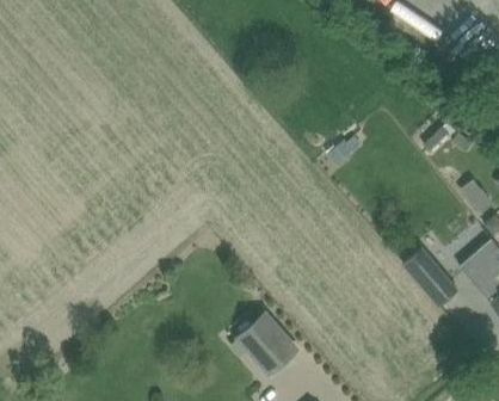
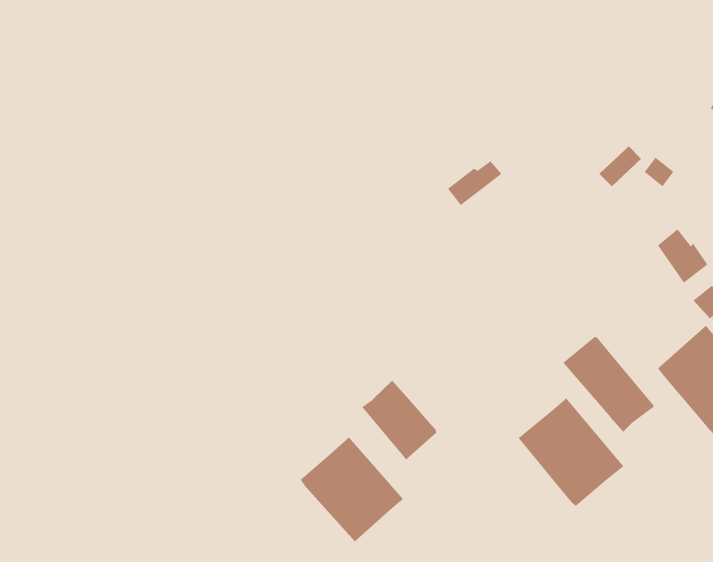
building: none -> [362,380,437,460]
building: none -> [518,397,624,507]

